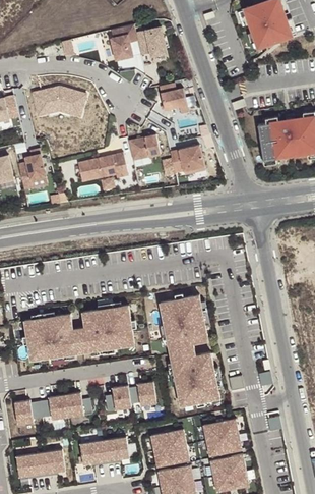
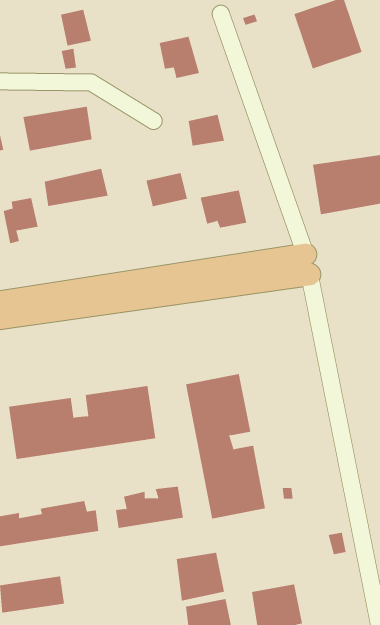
building: [109,36,133,64] -> [60,9,92,46]
building: [77,156,127,185] -> [44,168,108,207]
building: [202,417,242,453] -> none
building: [79,434,129,462] -> none

